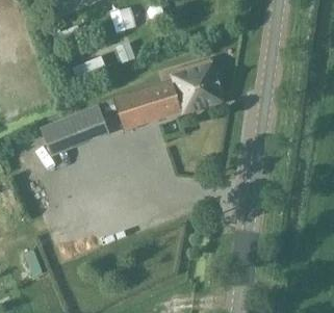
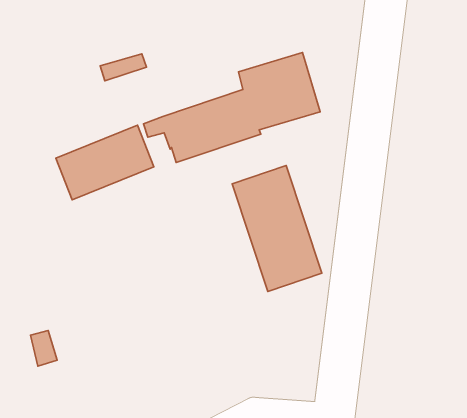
building: none -> [232,166,322,292]

